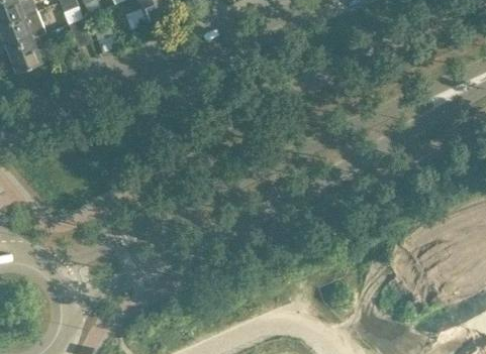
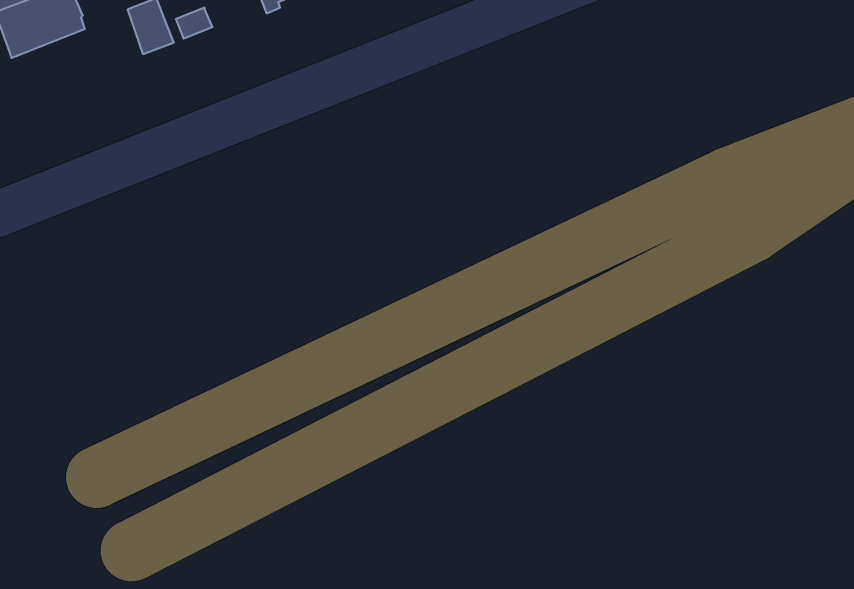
building: [7,33,50,71] -> none

